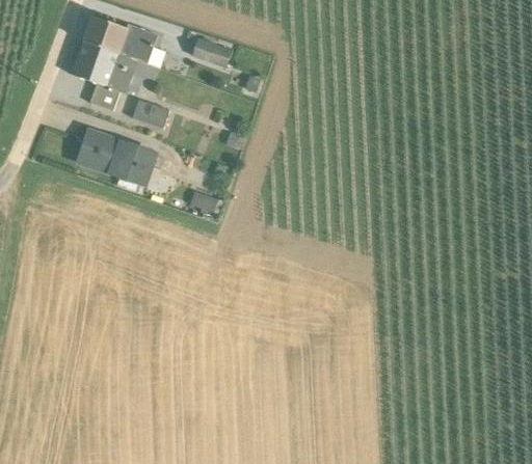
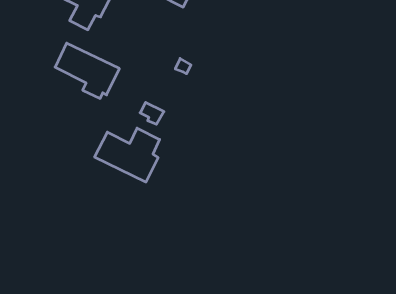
building: [132,99,168,128] -> none
building: none -> [95,128,160,182]

